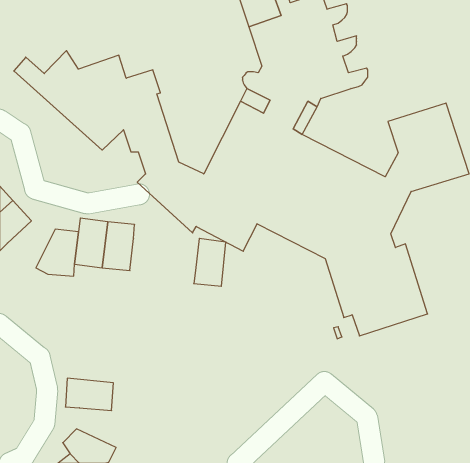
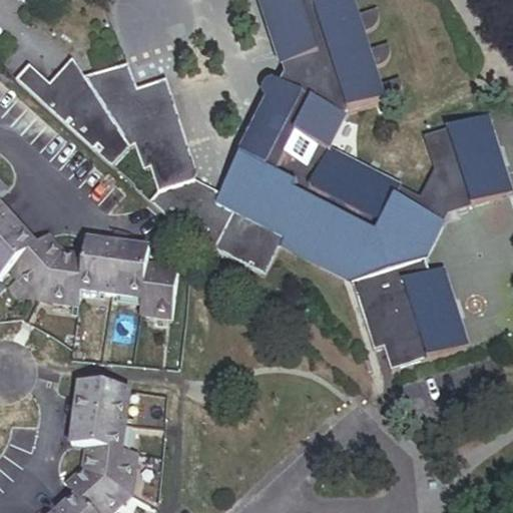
building: none -> [8,232,60,292]
building: [194,238,226,286] -> [139,260,174,312]
building: none -> [73,384,126,417]
building: none -> [83,444,136,487]

